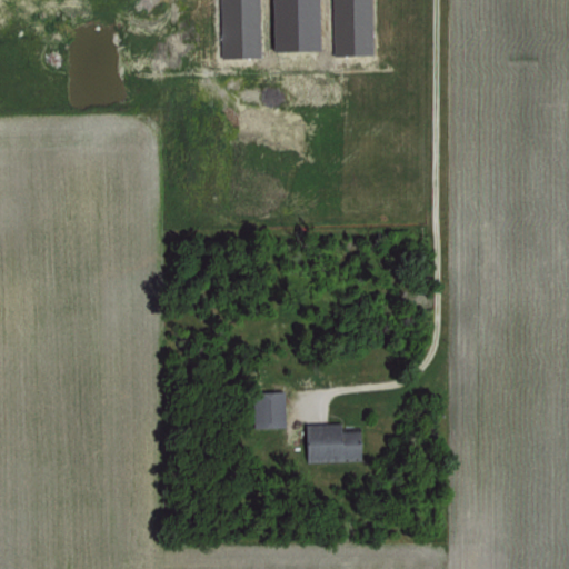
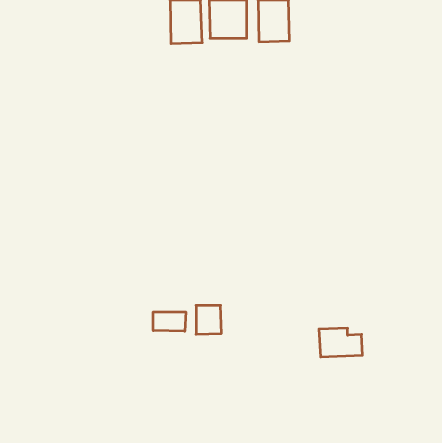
building: none -> [153,312,186,331]
building: [305,423,360,460] -> [319,328,362,357]

